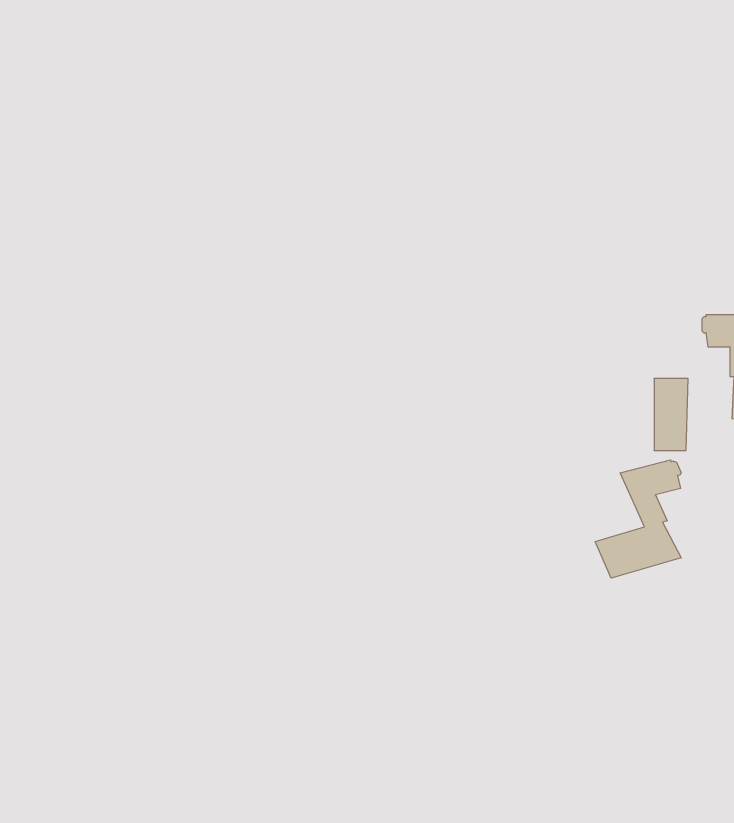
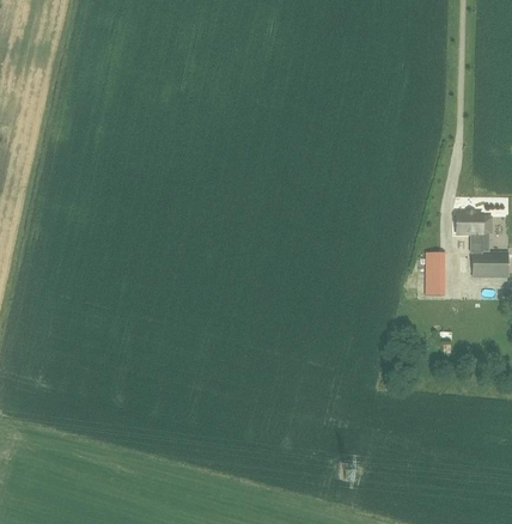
building: [595,460,681,578] -> none

